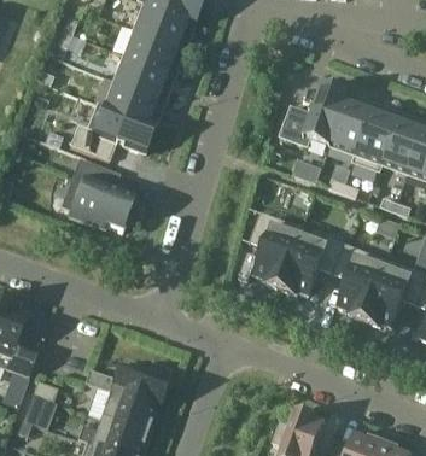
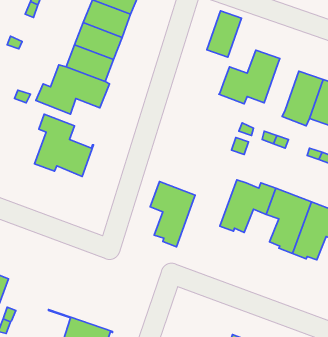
building: [331,101,370,154] -> [207,11,242,57]
building: [250,212,302,287] -> [150,181,195,247]
building: [83,361,167,408] -> none

